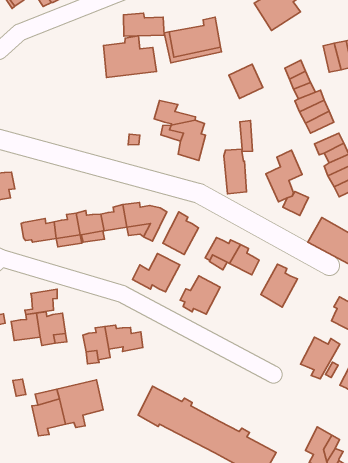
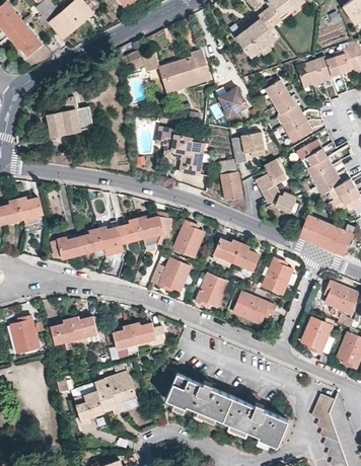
building: [103,36,156,78] -> [46,97,93,136]
building: none -> [239,131,263,162]
building: [25,289,57,315] -> none
building: none -> [232,291,274,323]

